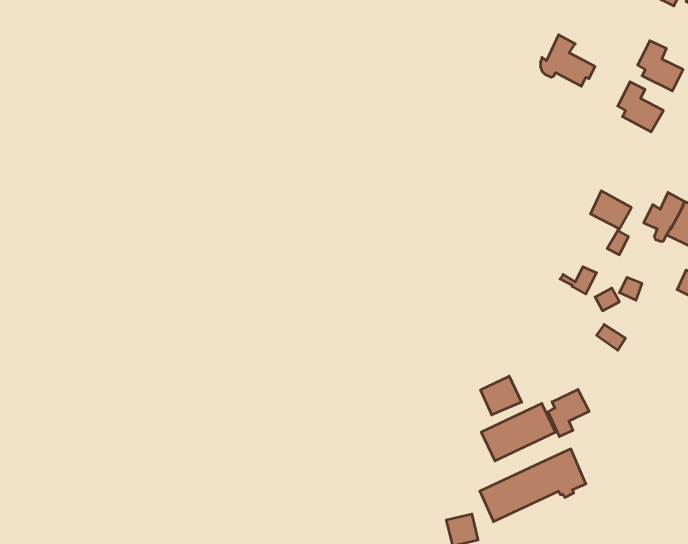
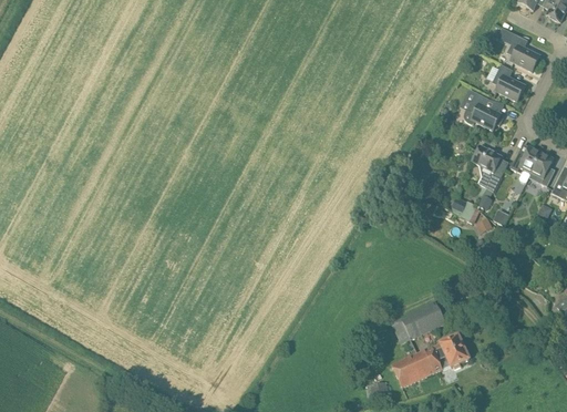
building: [540,35,595,86] -> [464,92,504,130]
building: [481,376,522,415] -> none
building: [548,389,589,437] -> none

